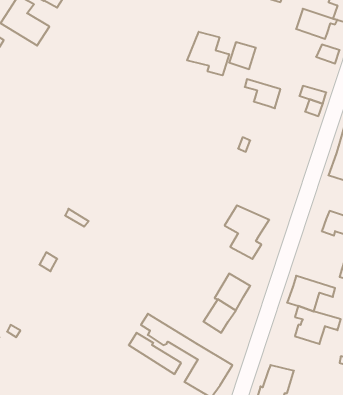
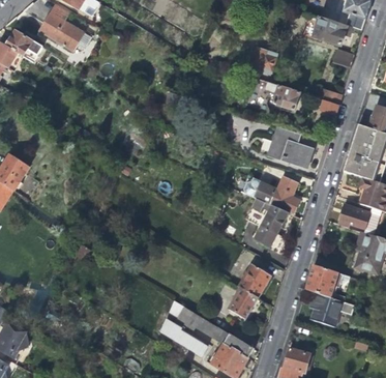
building: [187,32,229,75] -> none
building: none -> [268,125,311,167]
building: none -> [242,176,299,213]

